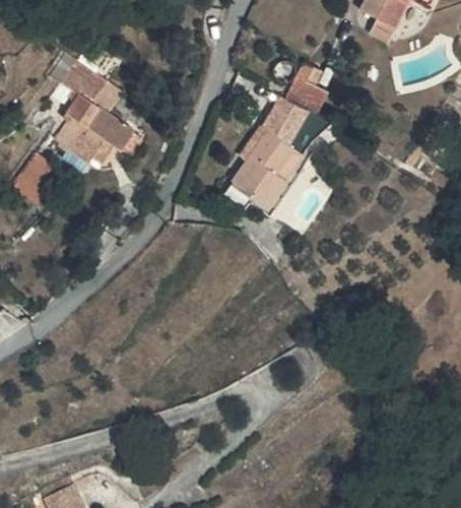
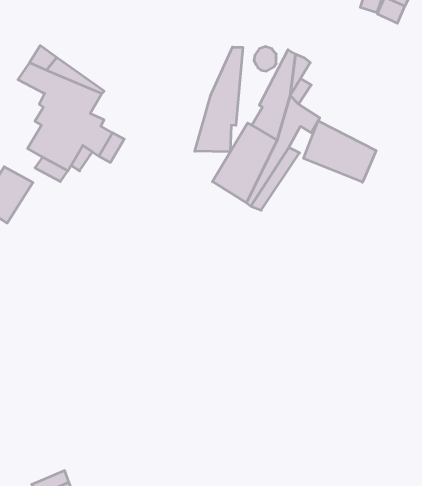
building: none -> [195,47,243,152]
building: none -> [304,121,376,182]

